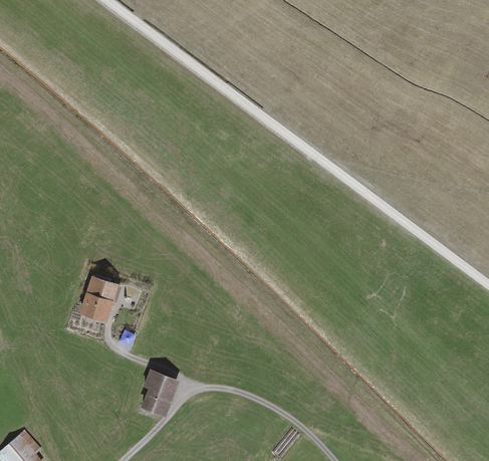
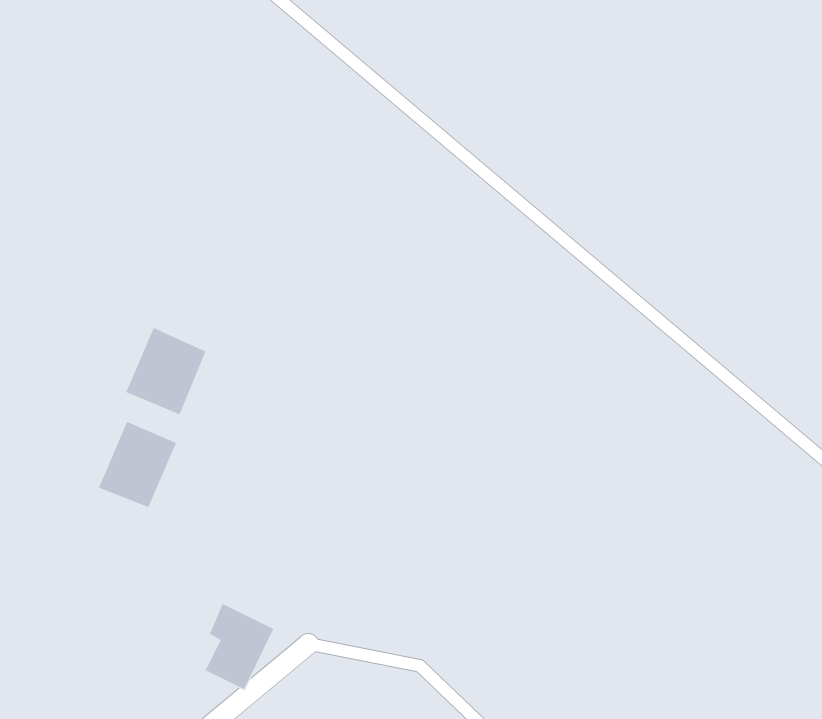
building: none -> [126,327,206,415]

